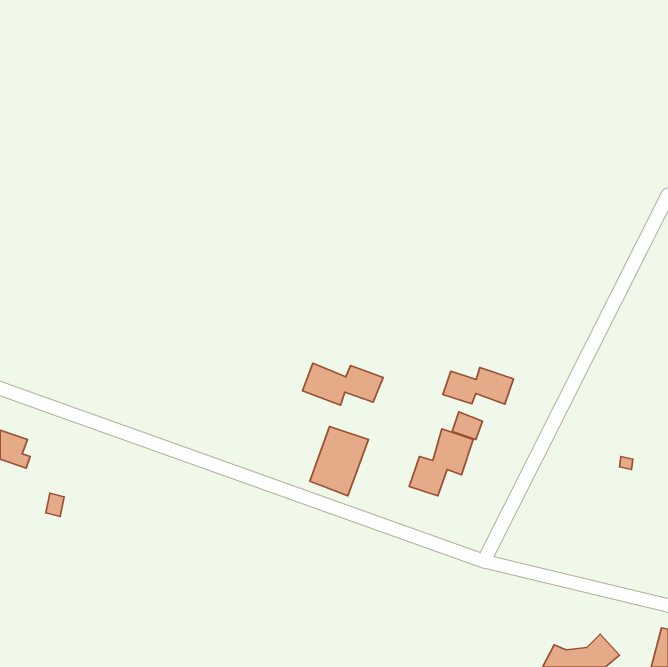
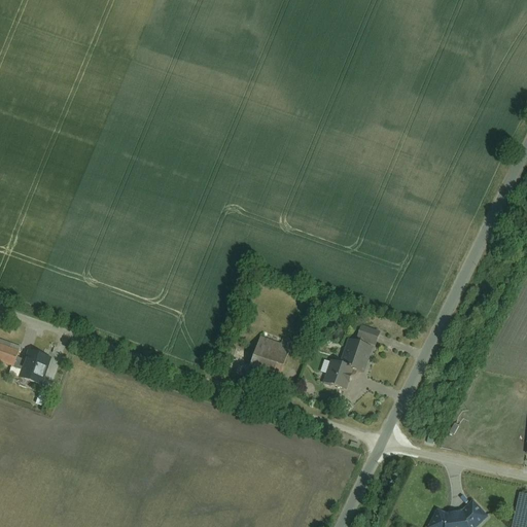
building: [303,363,383,405] -> none
building: [443,367,514,404] -> none
building: none -> [17,348,50,385]

